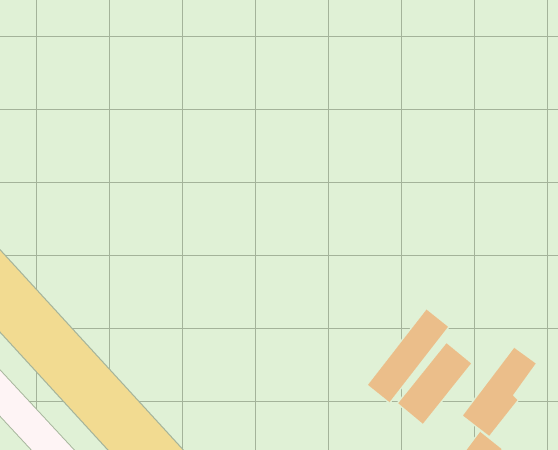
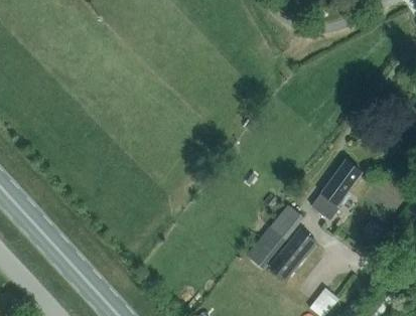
building: [462,347,537,437] -> [311,161,361,220]

